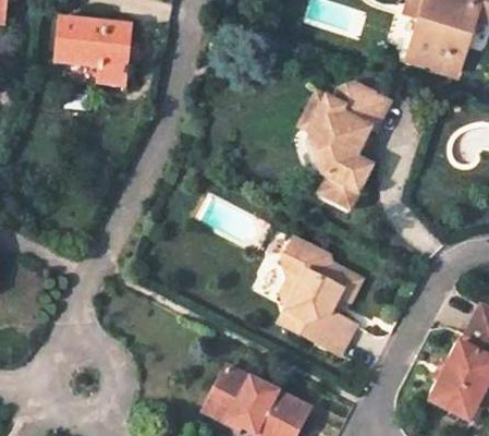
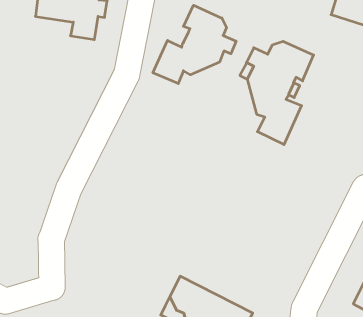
building: none -> [153,5,236,84]
building: [282,233,369,355] -> none

